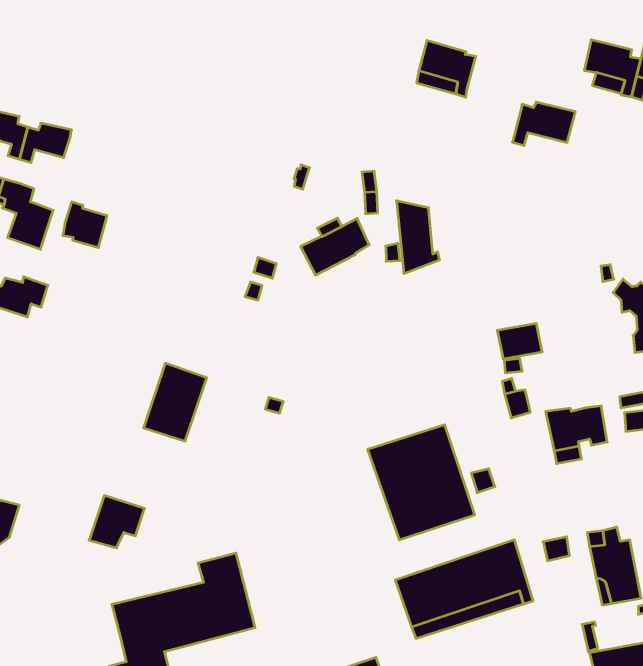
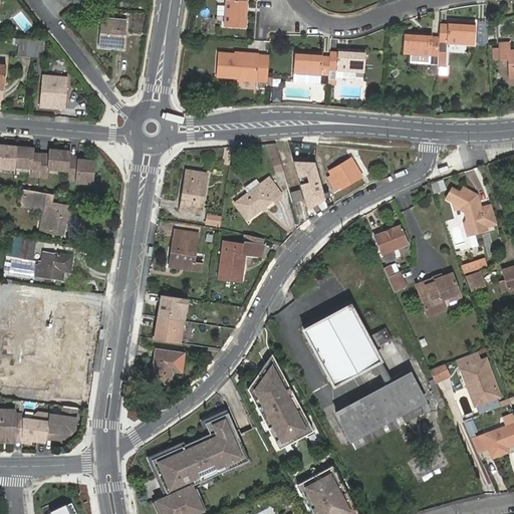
building: none -> [40,76,67,107]
building: none -> [217,52,268,88]
building: [512,102,575,146] -> [327,49,365,79]
building: none -> [180,169,207,213]
building: [63,202,107,248] -> [68,156,95,183]
building: none -> [327,157,361,191]
building: none -> [169,229,202,270]
building: none -> [218,234,263,280]
building: none -> [246,352,313,449]
building: [89,496,145,548] -> [151,348,184,381]

